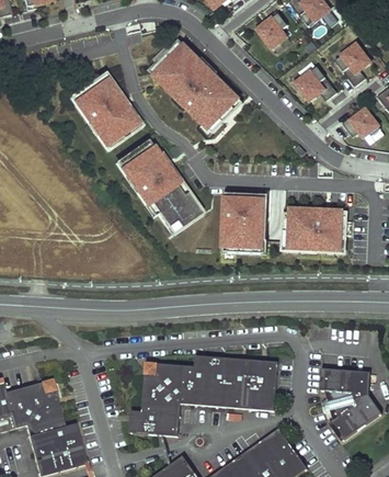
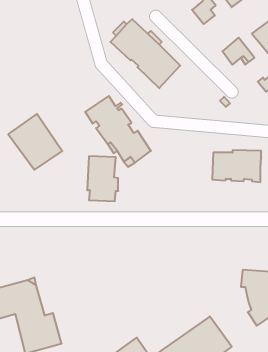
building: [69,76,139,148] -> [8,114,62,170]
building: [225,195,265,253] -> [87,156,118,201]
building: [129,355,278,434] -> none

